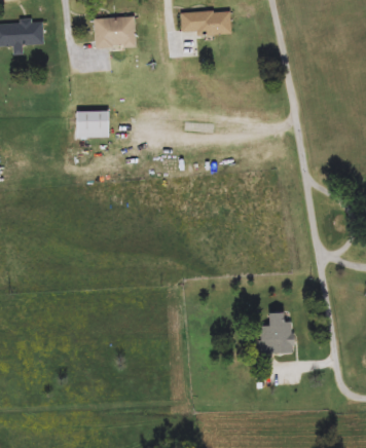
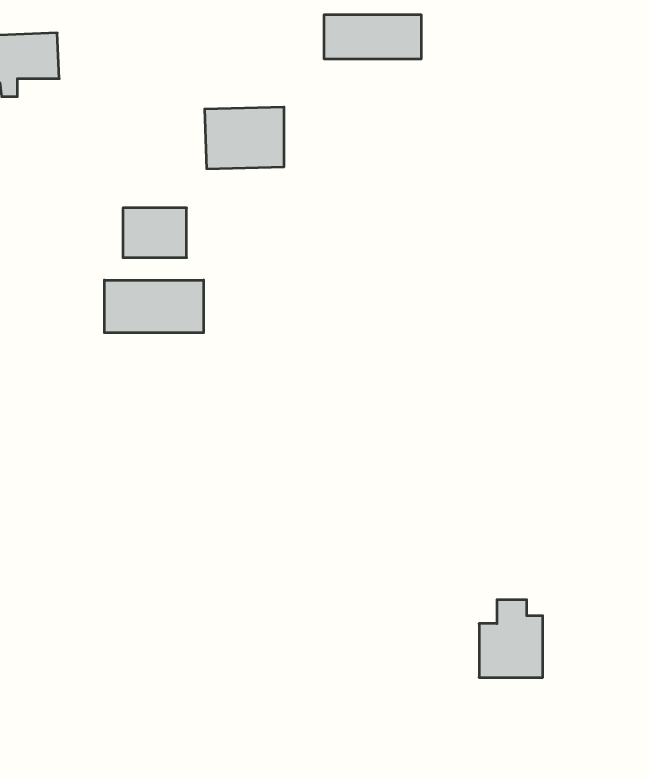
building: [94,16,135,48] -> [205,107,284,169]
building: none -> [104,280,204,333]

